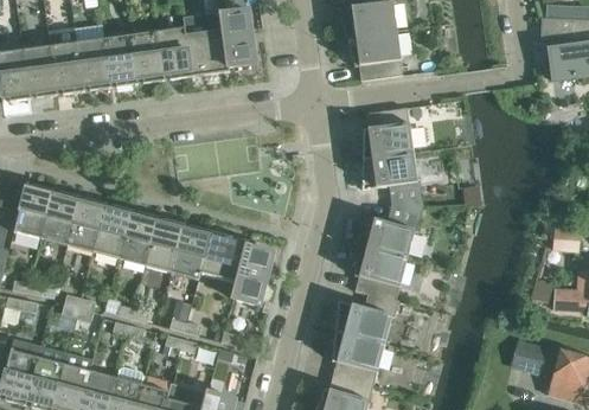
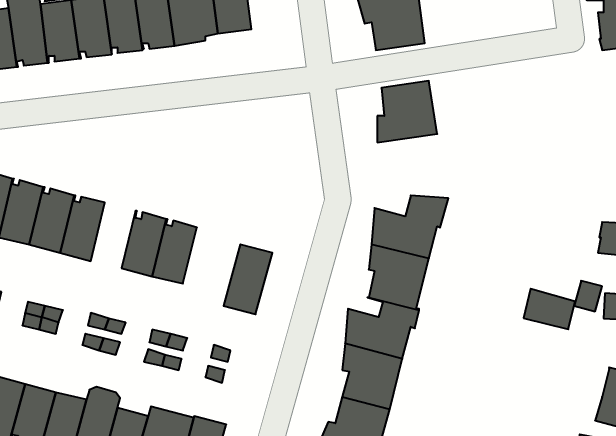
building: [363,152,423,206] -> none
building: [120,210,158,265] -> none
building: [198,231,247,297] -> none
building: [516,340,559,374] -> [524,289,575,329]

